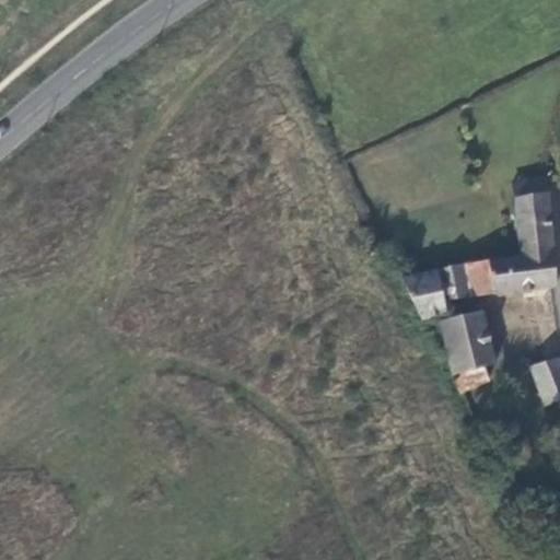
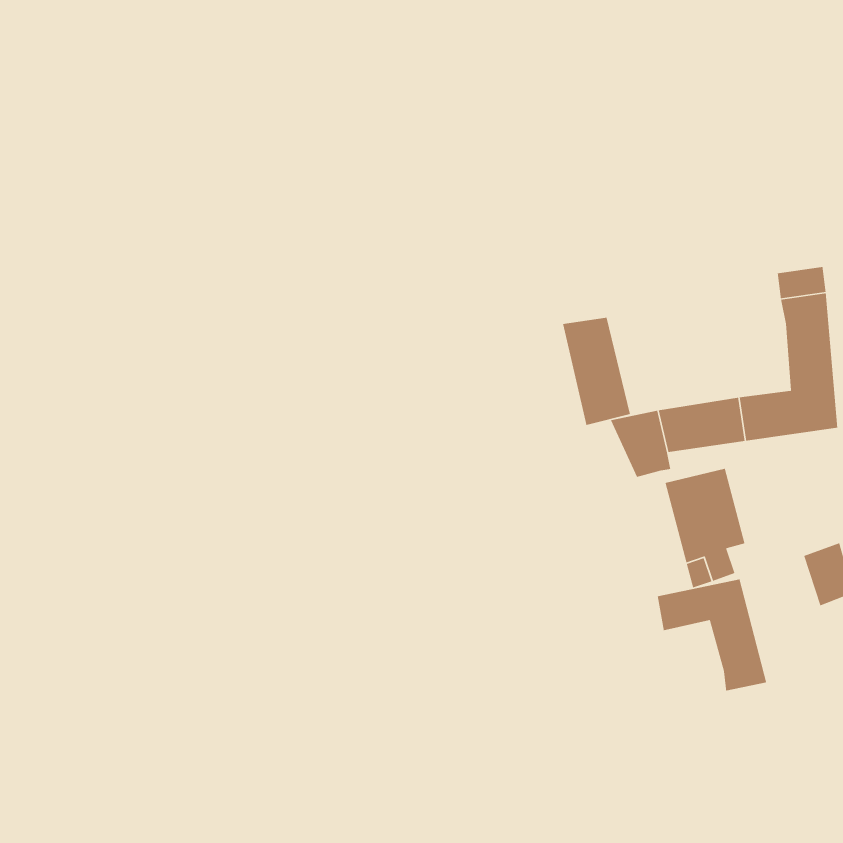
building: none -> [562,317,631,426]
building: none -> [657,579,767,691]

